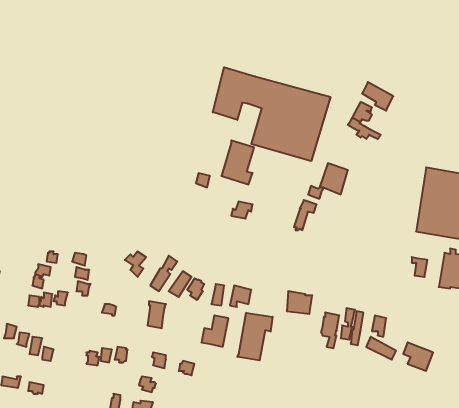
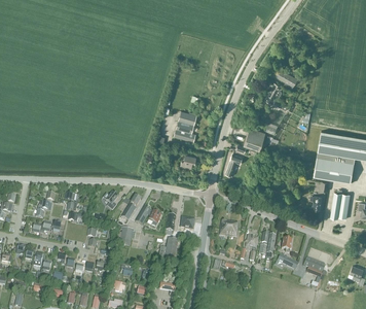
building: [213,67,330,161] -> none
building: [237,313,273,360] -> none

